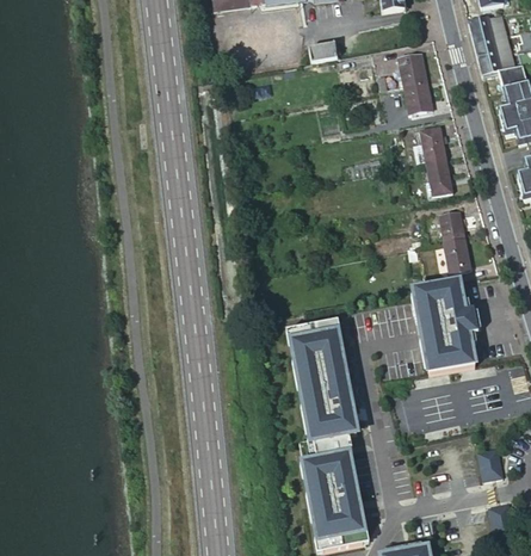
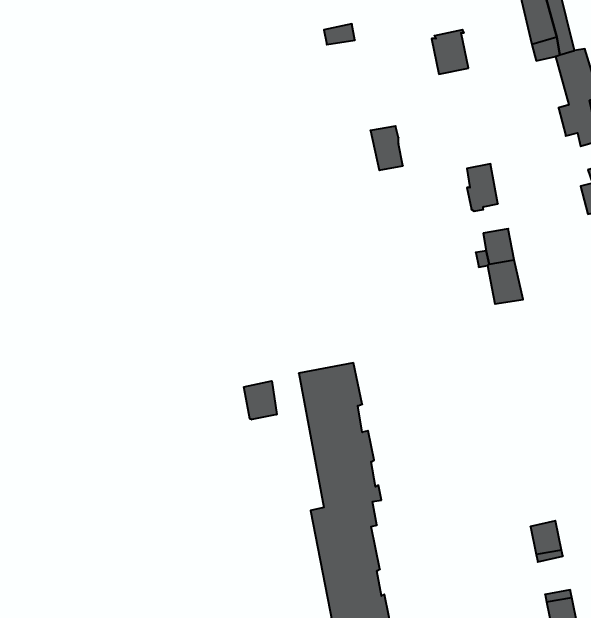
building: [403,80,434,113] -> none
building: [419,125,445,161] -> [370,126,403,170]
building: [413,277,477,371] -> none
building: none -> [244,381,277,420]

